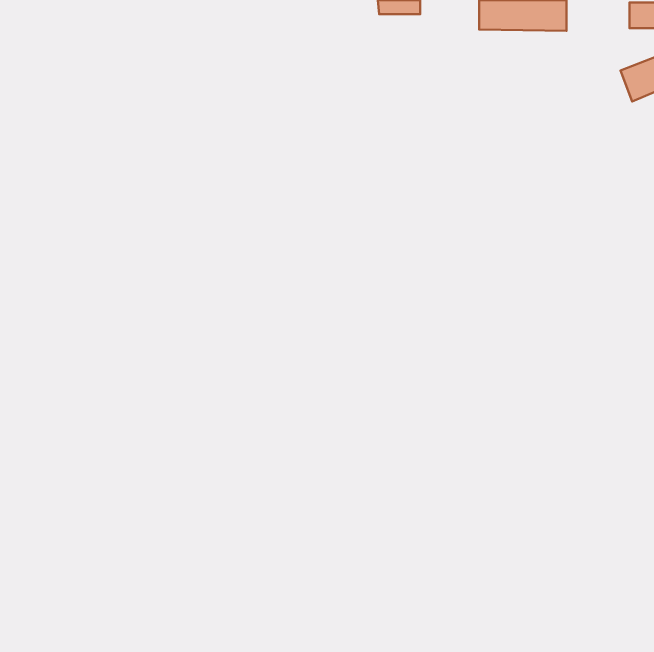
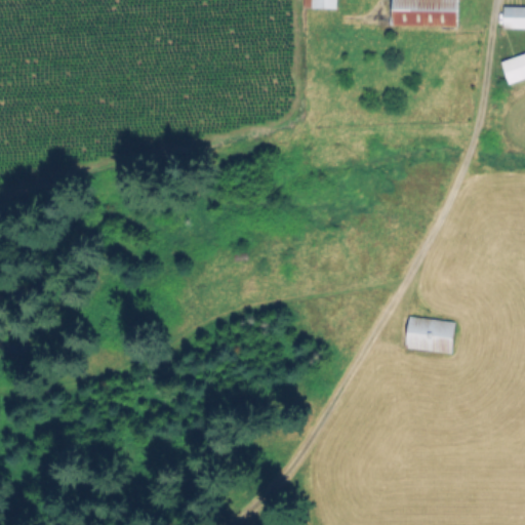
building: none -> [408,312,458,350]

